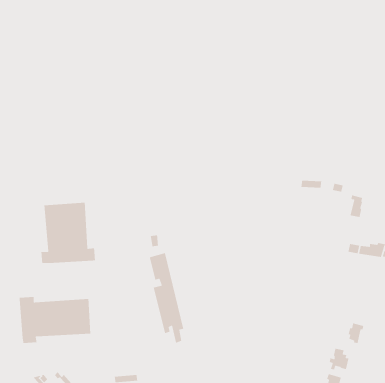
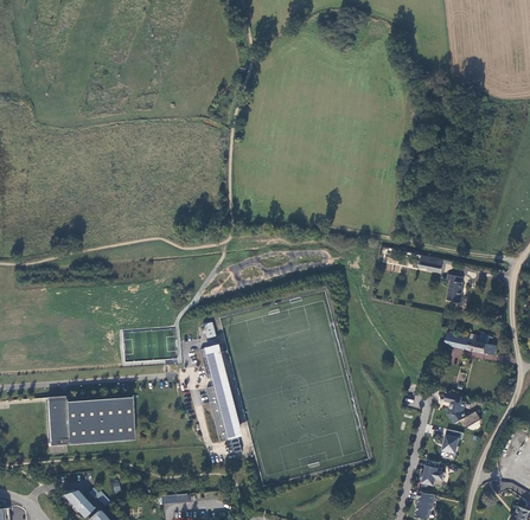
building: [41,202,96,264] -> none
building: none -> [447,391,483,426]

